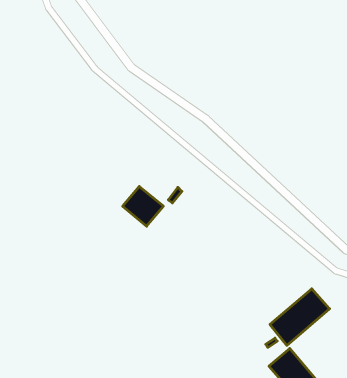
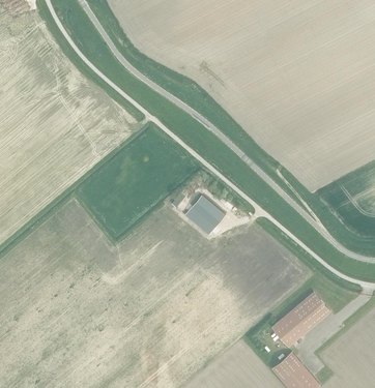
building: [123,186,163,226] -> [184,196,225,235]

